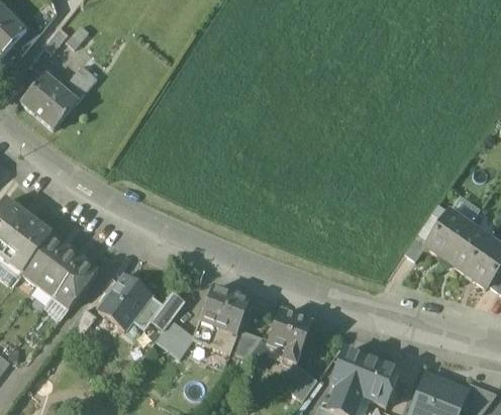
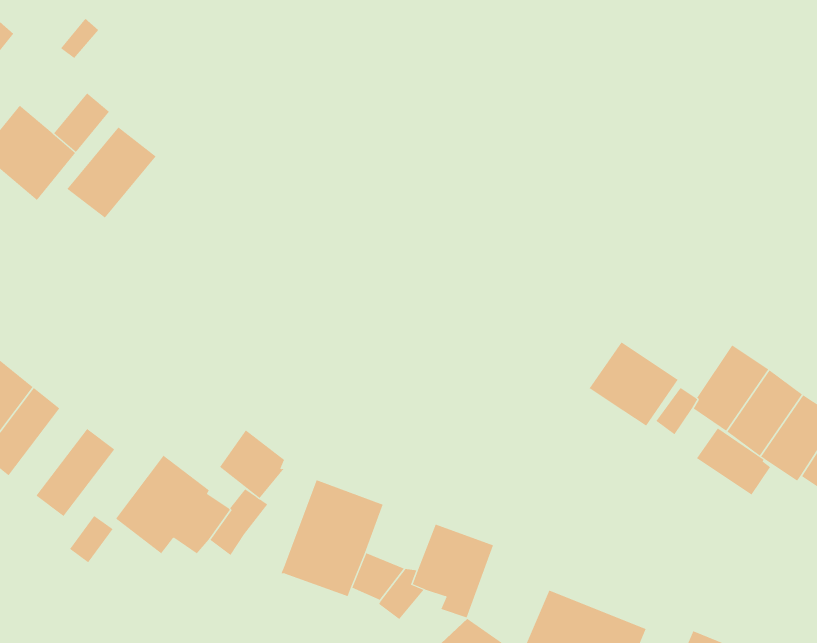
building: none -> [67,126,157,219]
building: none -> [589,341,679,426]
building: [36,245,81,295] -> none
building: none -> [696,427,771,495]
building: [156,317,193,356] -> [219,430,285,499]

